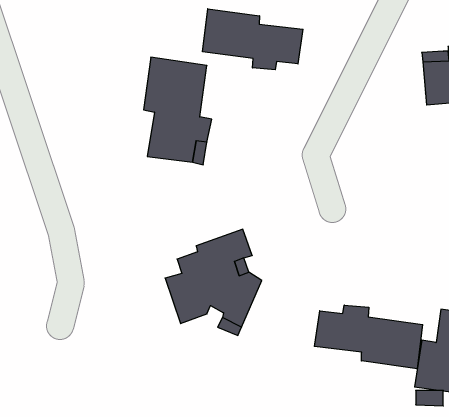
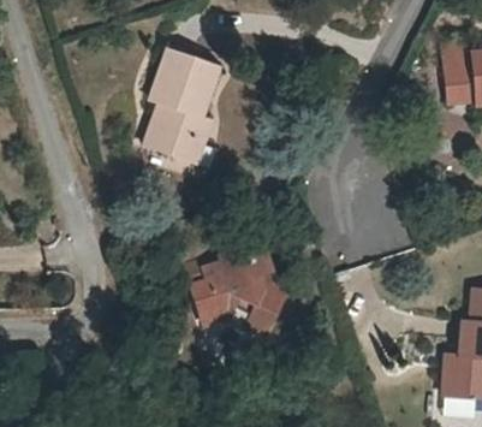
building: [203,9,303,70] -> none
building: [314,305,423,369] -> none

